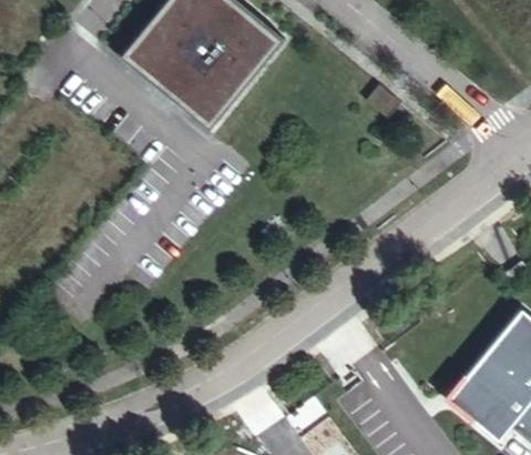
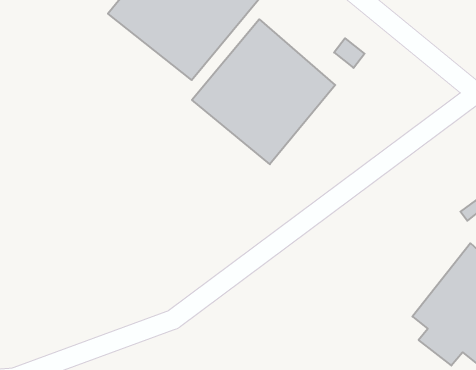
building: none -> [192,19,335,164]

